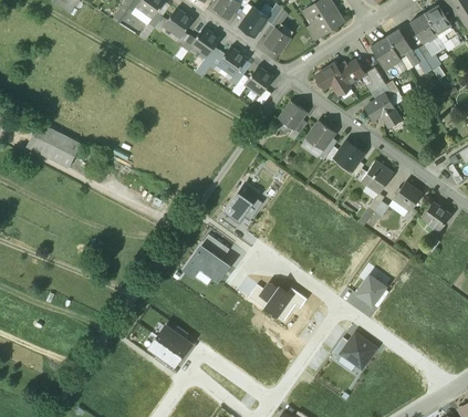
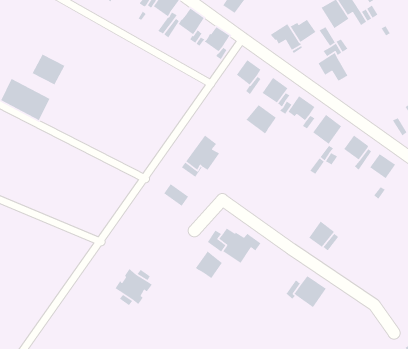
building: none -> [31,53,66,85]
building: none -> [245,104,277,134]
building: [183,246,228,281] -> none
building: none -> [195,250,223,279]

